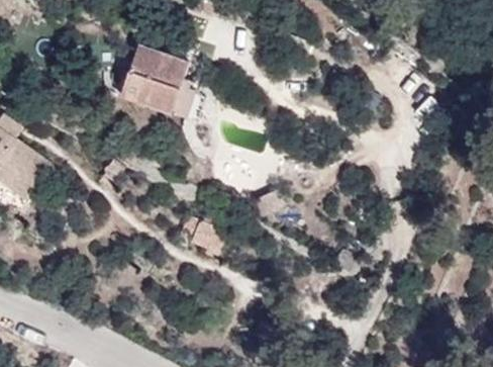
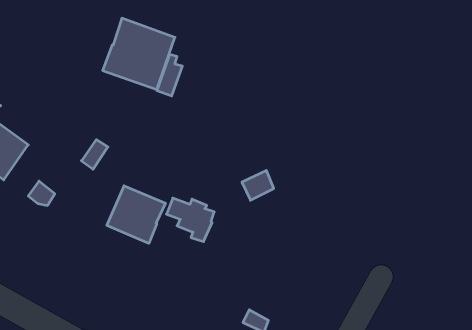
building: none -> [107,186,165,243]

